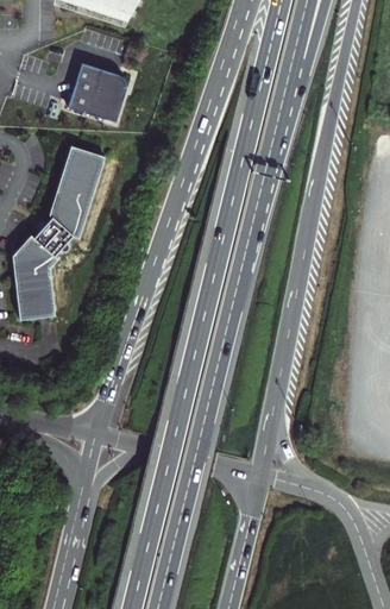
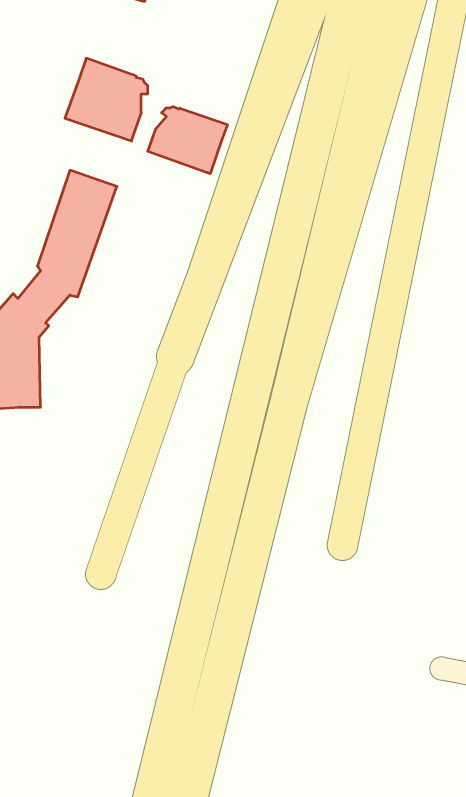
building: none -> [148,107,227,174]

